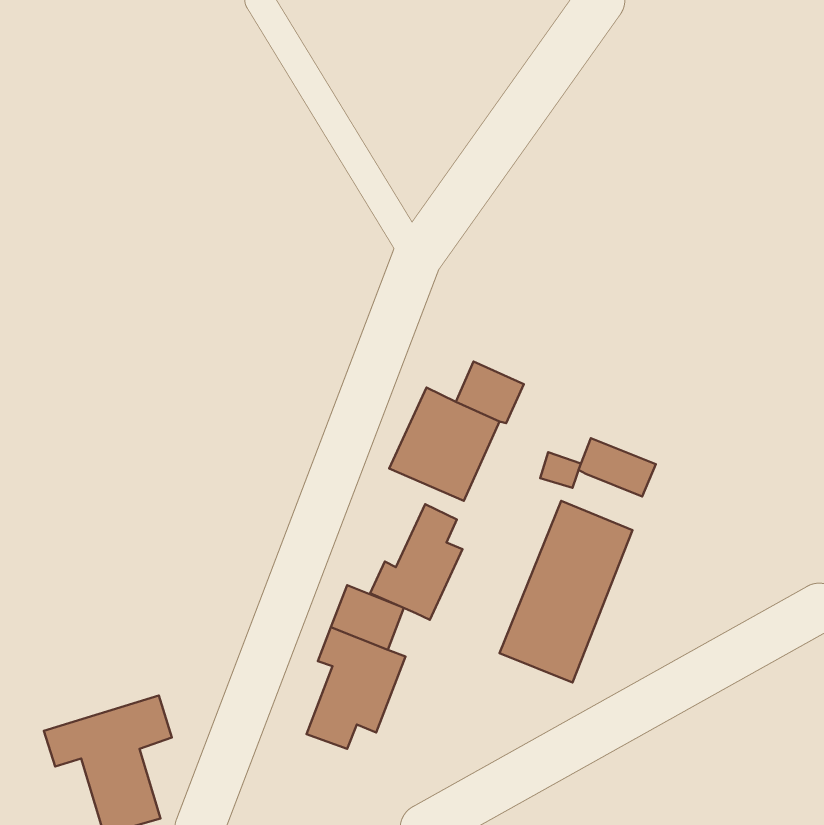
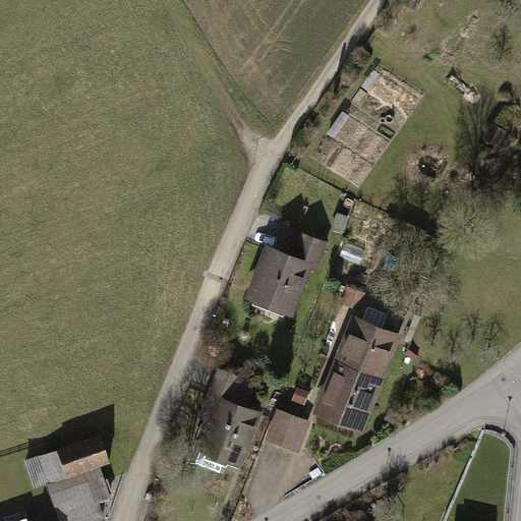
building: [579,438,656,497] -> none
building: [370,504,462,620] -> none
building: none -> [266,408,306,448]

